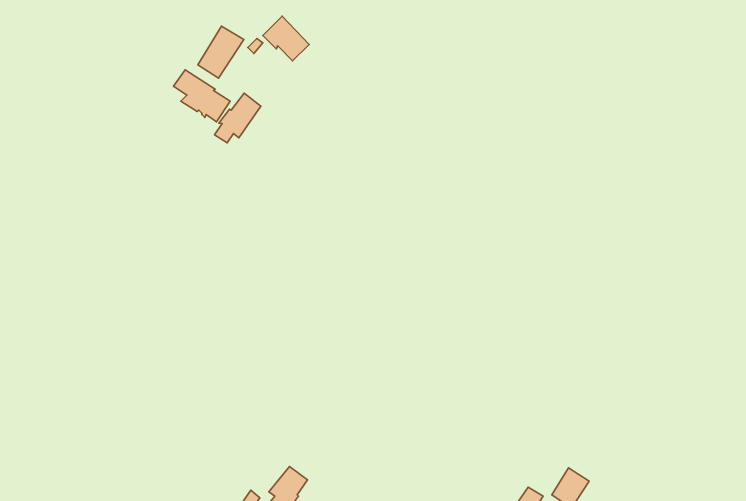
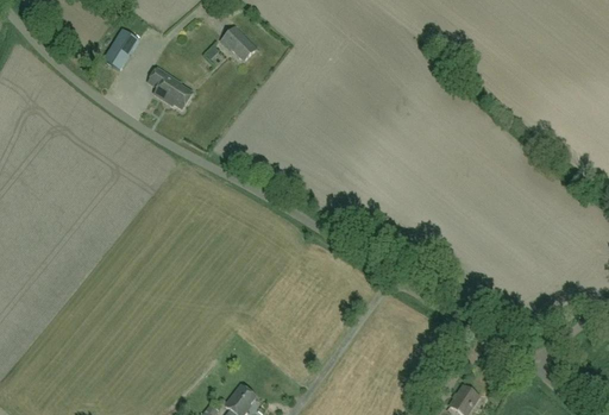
building: [198,26,244,78] -> [102,29,139,70]
building: [215,93,261,143] -> none

